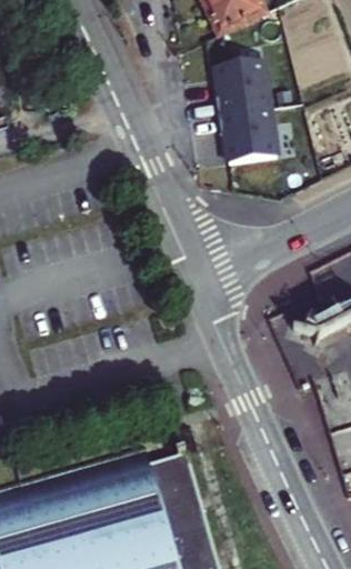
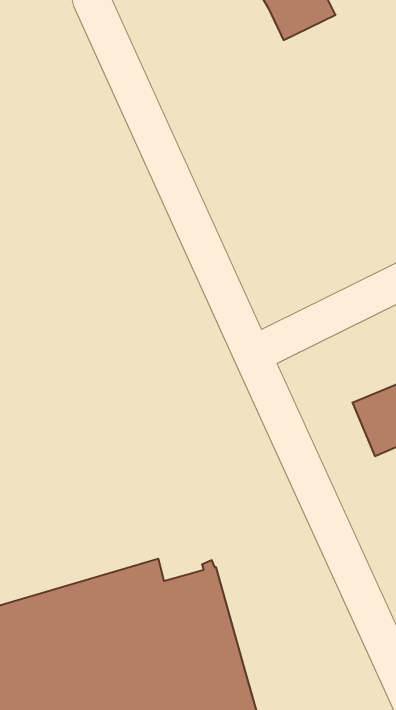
building: [221,64,282,167] -> none

